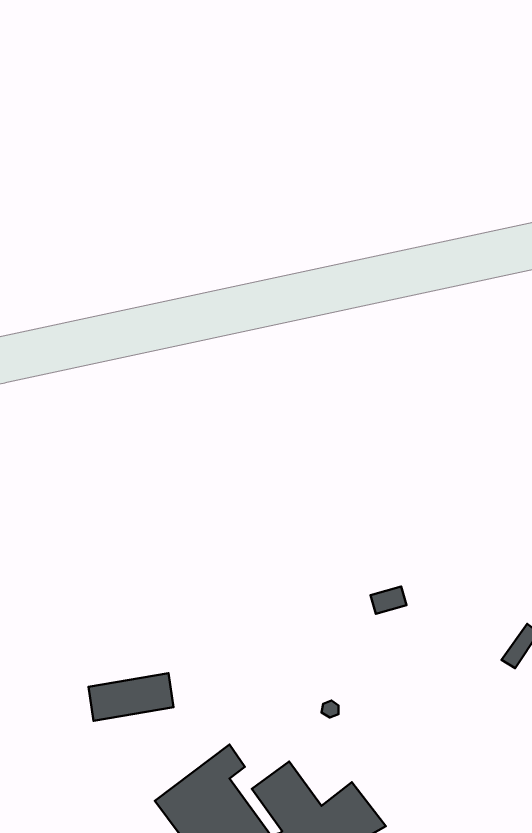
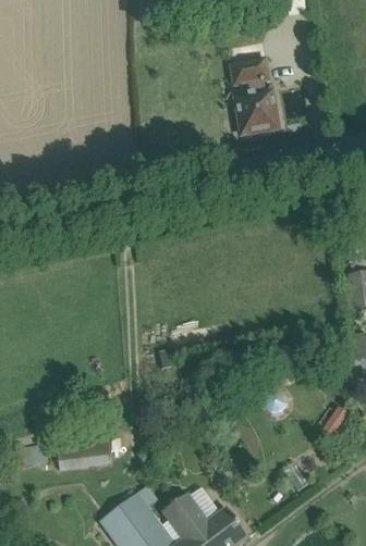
building: none -> [231,60,278,134]

